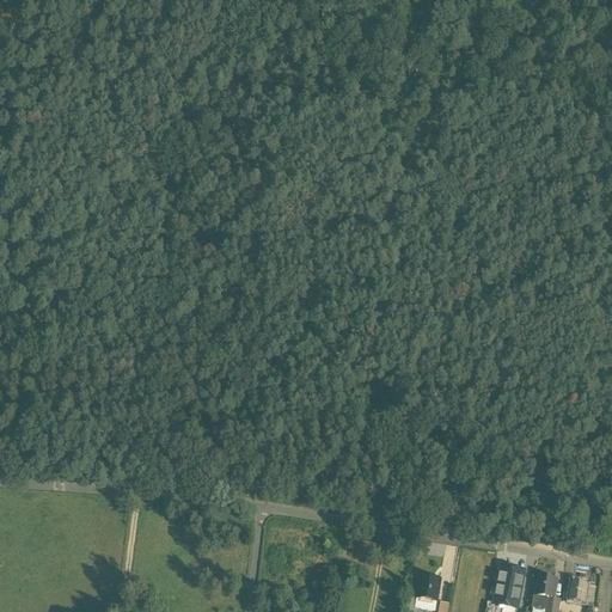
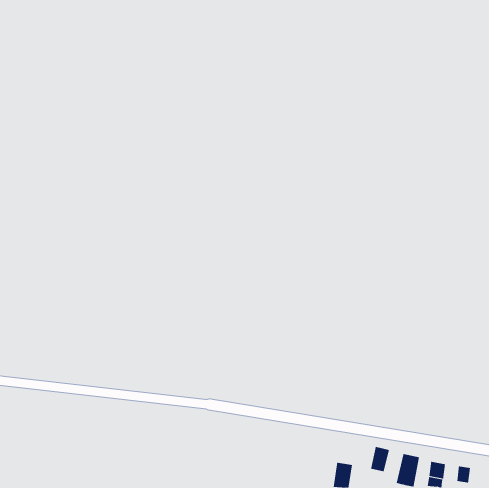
building: none -> [371,446,390,472]

